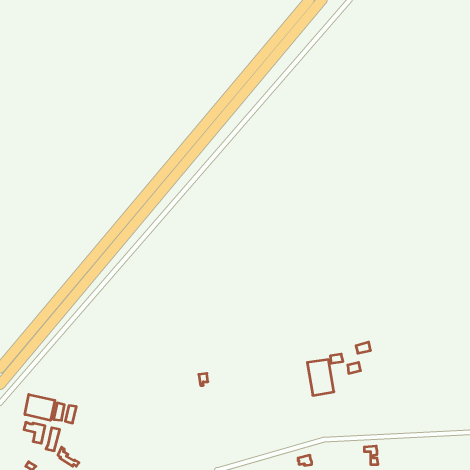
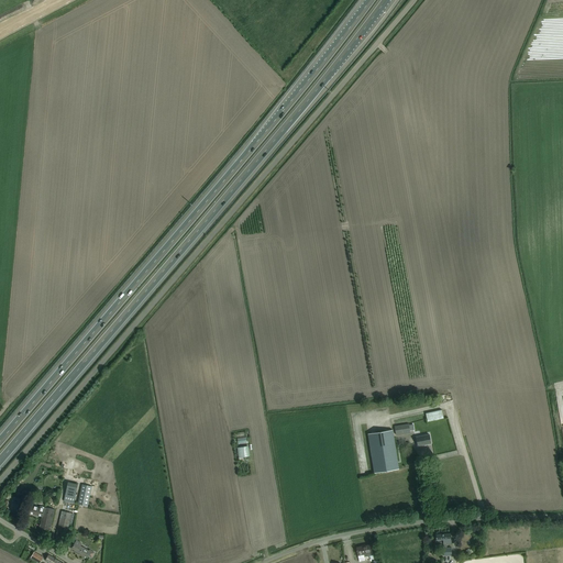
building: [25,394,55,420] -> none

